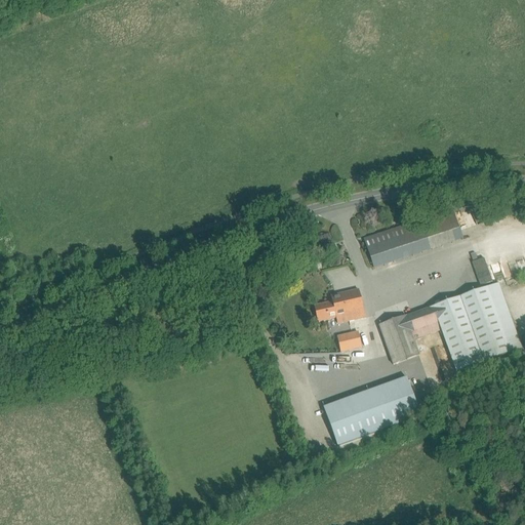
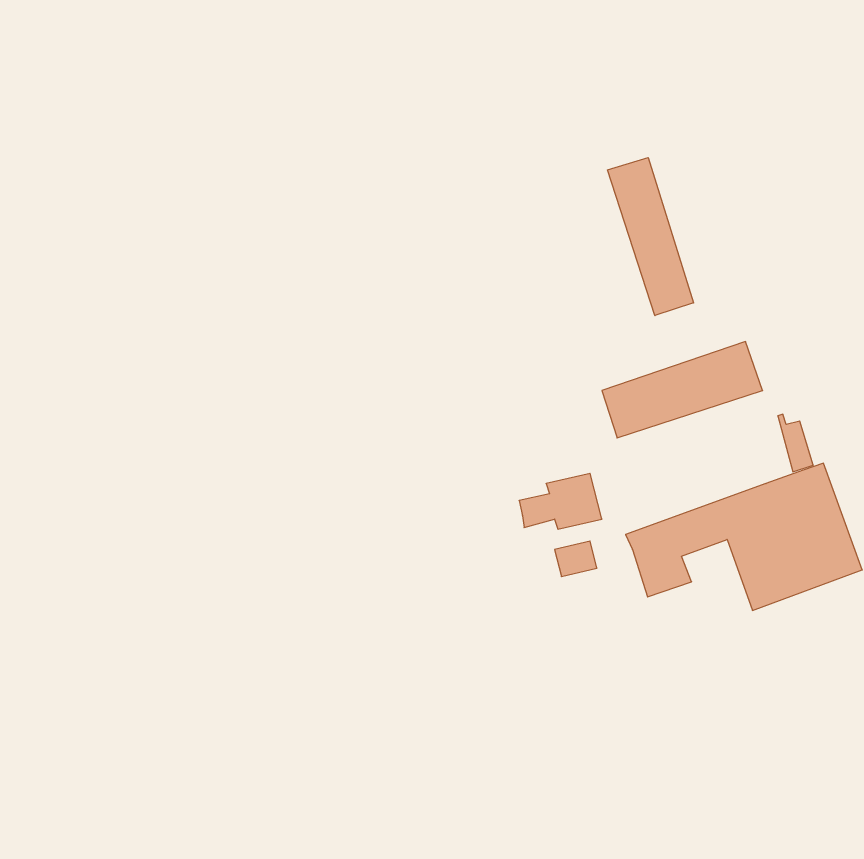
building: none -> [607,158,694,316]
building: [324,375,420,444] -> none

